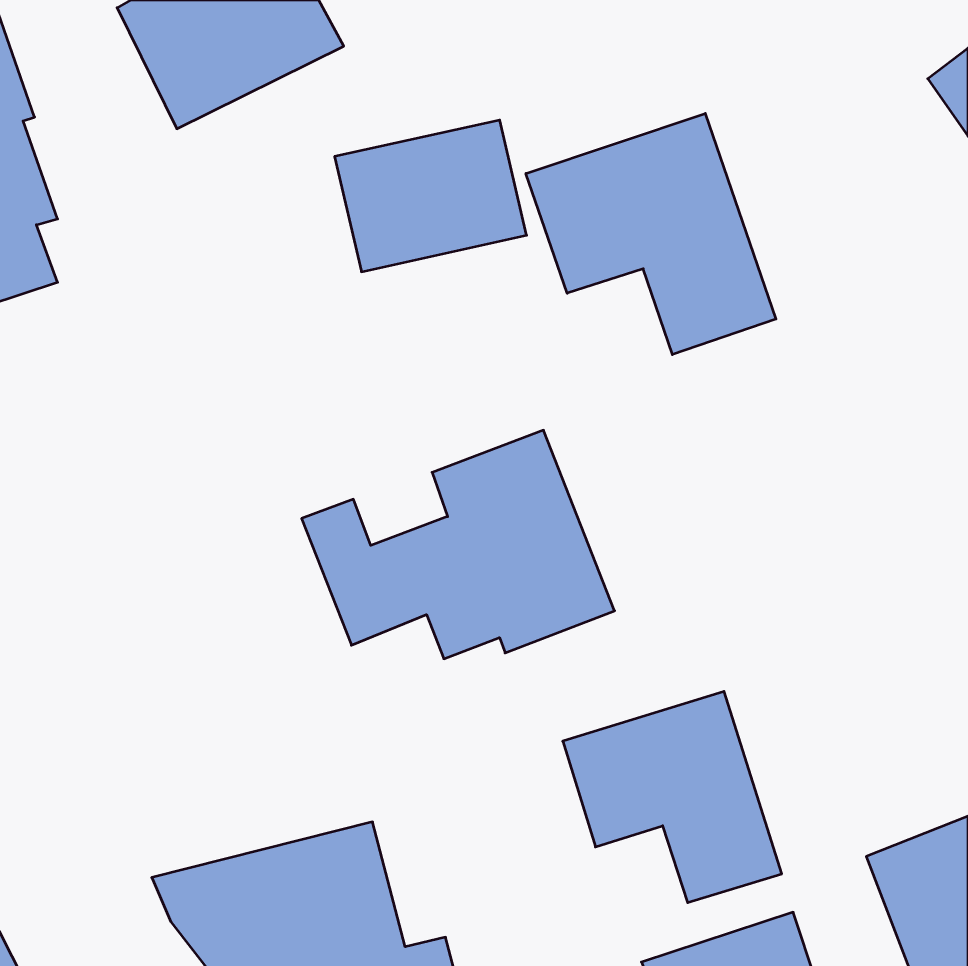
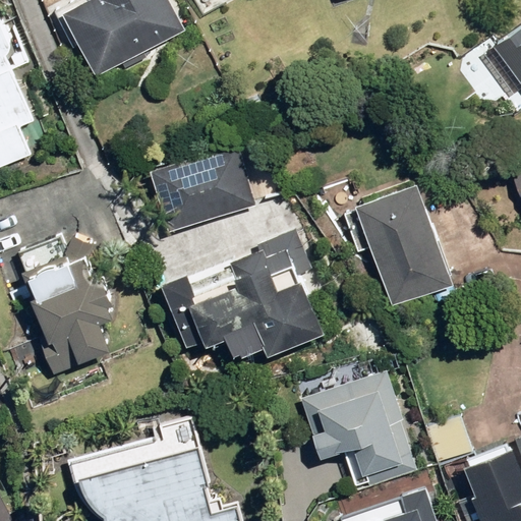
building: [526,113,776,355] -> none
building: [335,120,527,272] -> [152,150,253,230]
building: none -> [355,183,452,307]
building: none -> [21,236,117,373]

